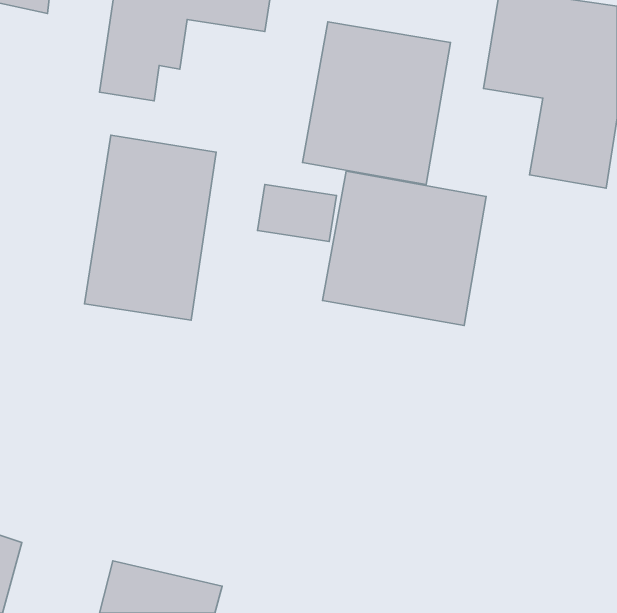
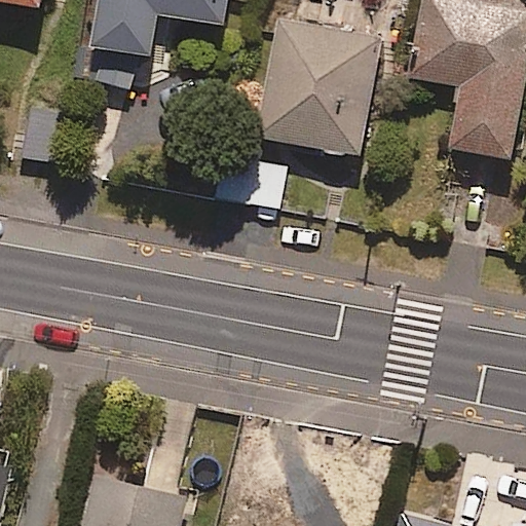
building: [85,135,216,320] -> none
building: [322,171,486,326] -> none

